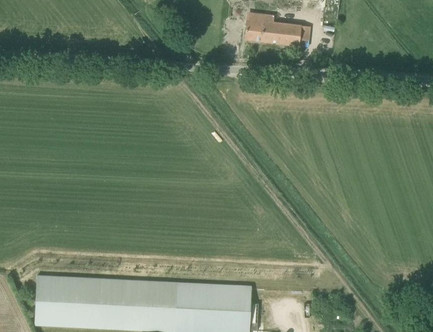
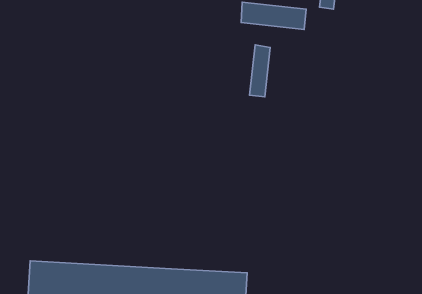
building: none -> [250,45,270,97]

